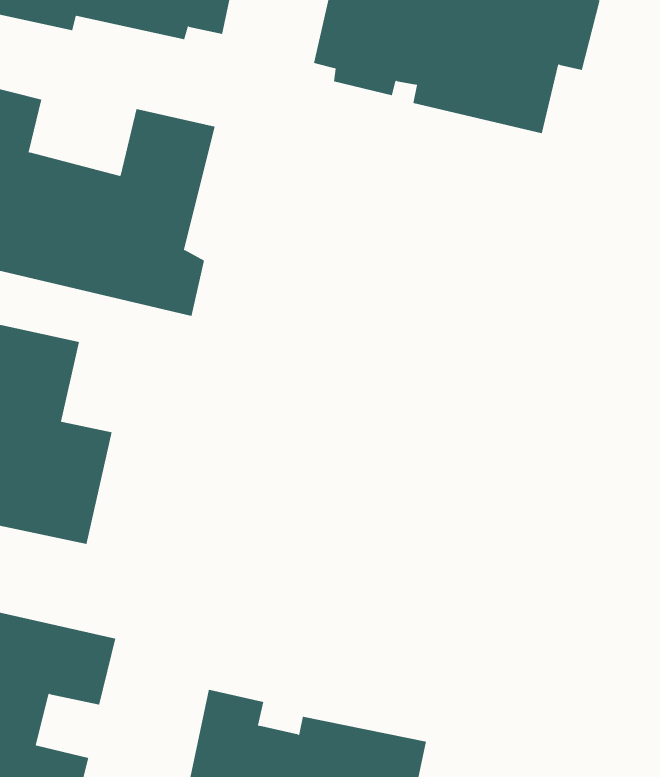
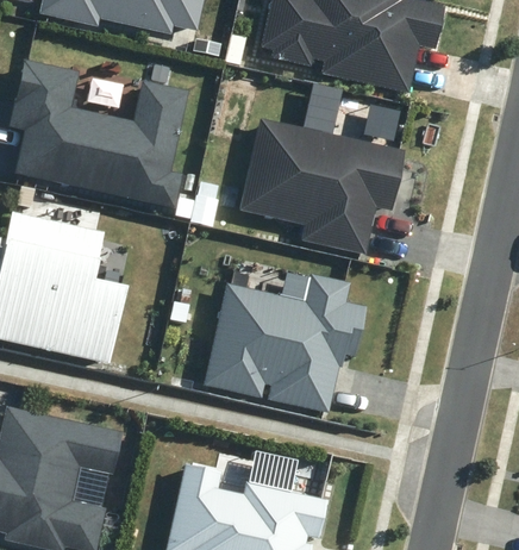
building: none -> [237,117,405,255]
building: none -> [201,270,368,410]

